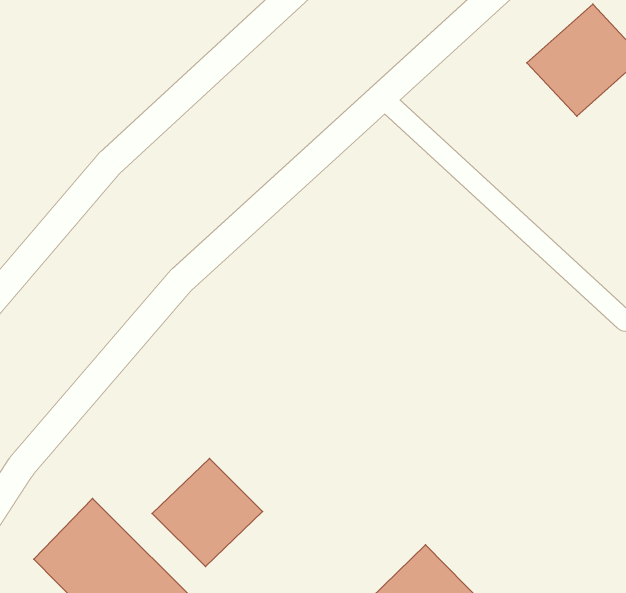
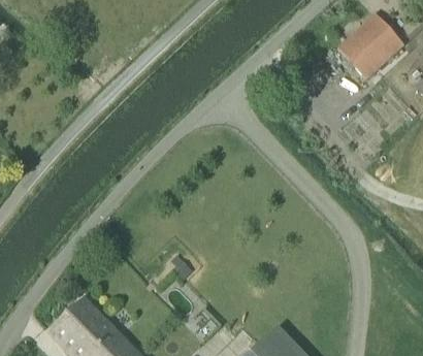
building: [152,458,262,566] -> none

